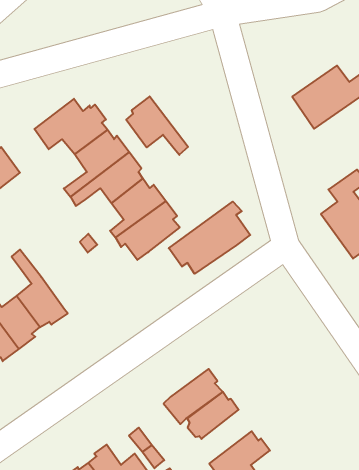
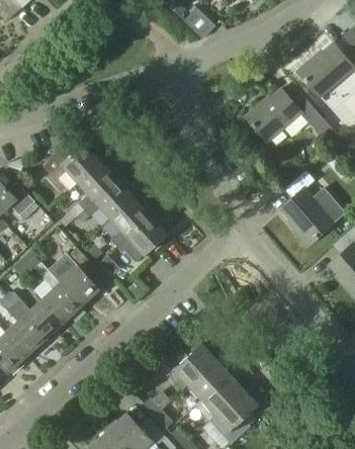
building: [126,96,188,155] -> none
building: [169,202,250,274] -> none
building: none -> [60,247,101,306]
building: none -> [196,373,241,419]

